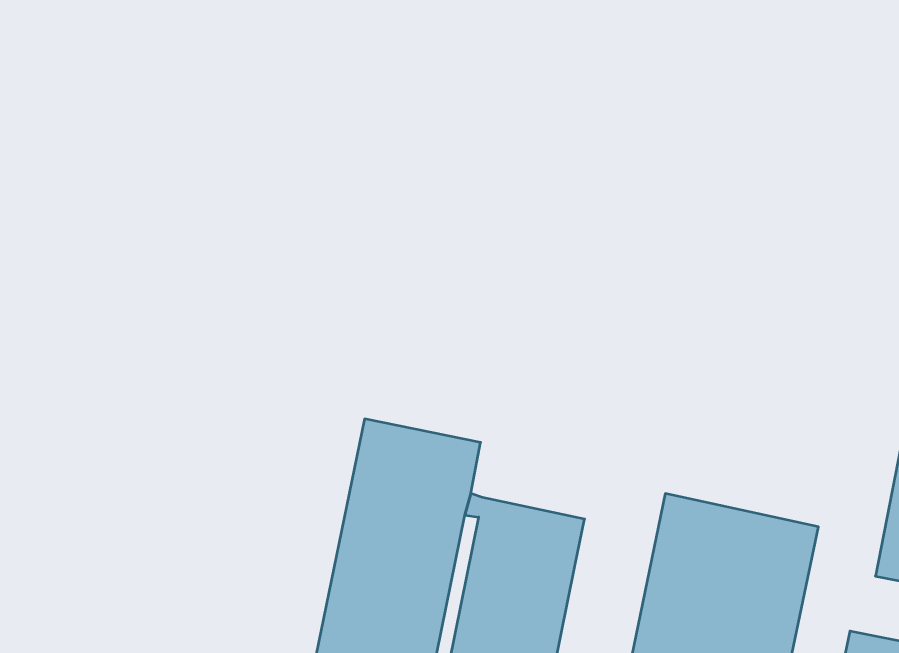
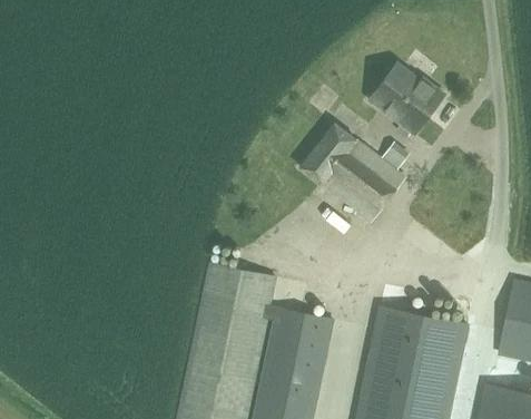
building: none -> [370,65,444,134]
building: none -> [301,123,405,222]

